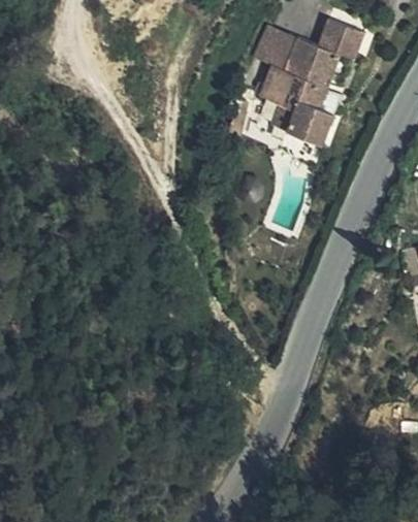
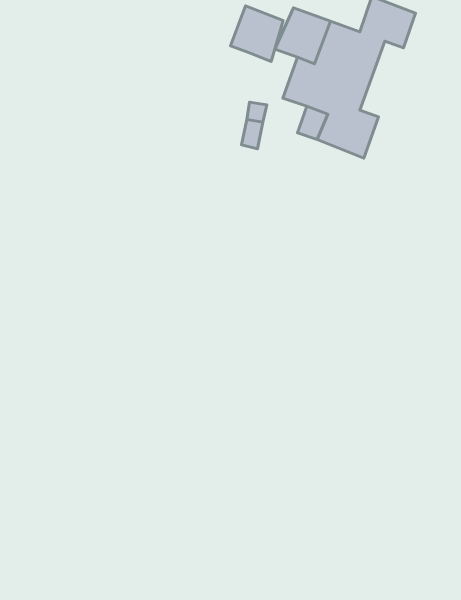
building: none -> [231,6,283,62]

